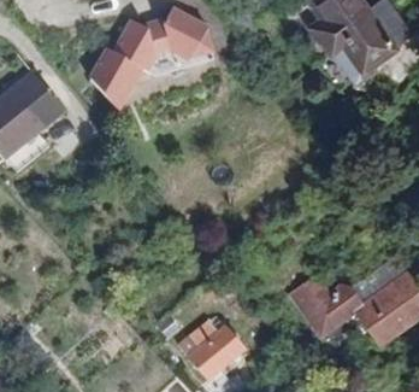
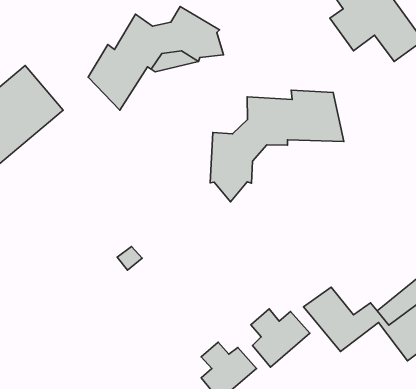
building: none -> [210,90,344,202]
building: none -> [251,309,310,367]

